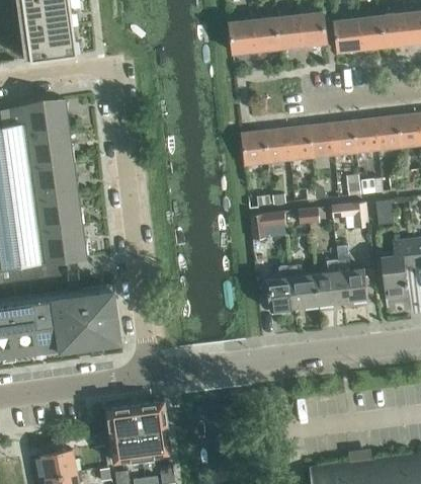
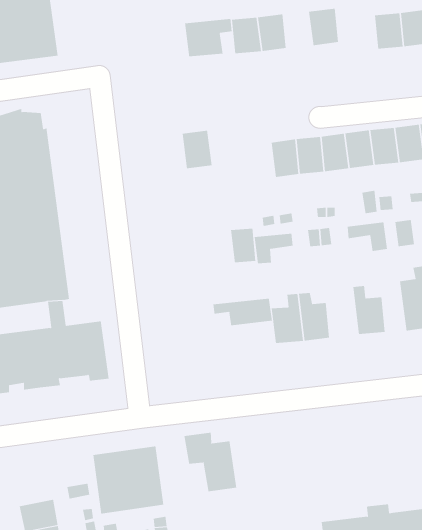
building: [276,15,303,48] -> none
building: [333,18,360,52] -> none
building: none -> [184,18,232,57]
building: [242,132,269,166] -> [182,130,212,169]
building: none -> [230,228,256,263]
building: [315,260,343,306] -> none
building: none -> [213,298,272,326]
building: none -> [184,432,237,492]

